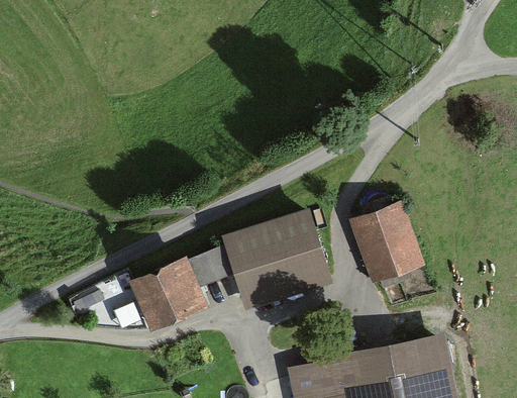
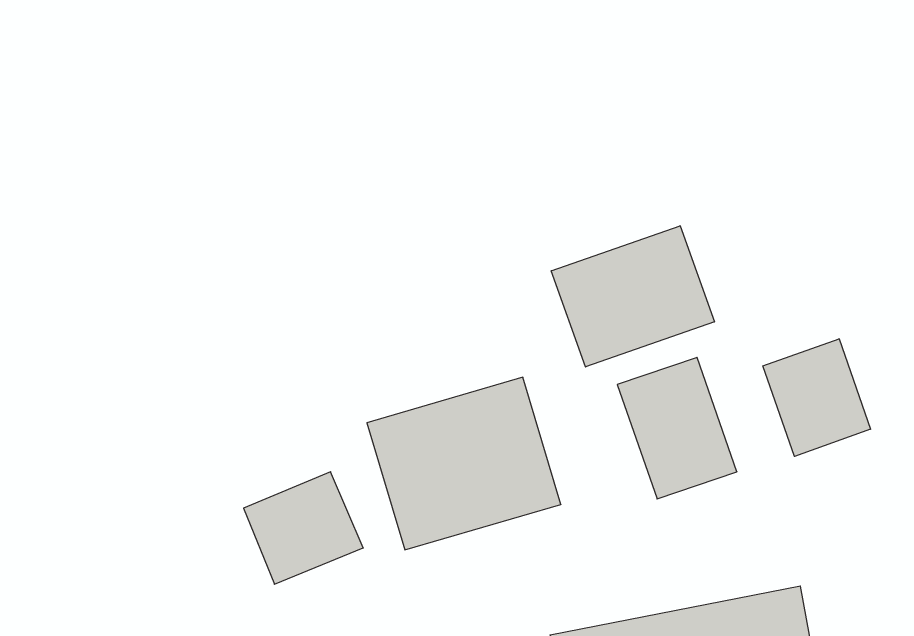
building: none -> [551,226,714,367]
building: none -> [763,339,871,456]

